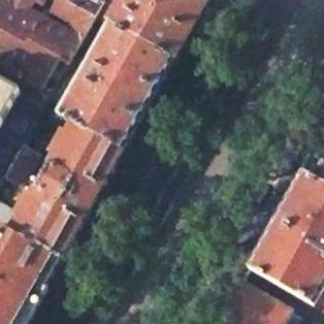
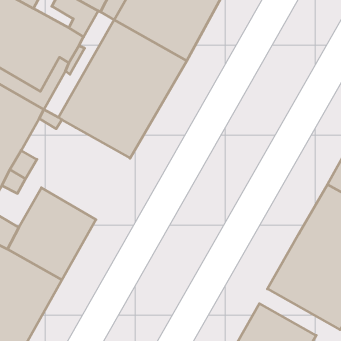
building: [41,121,122,204] -> none

